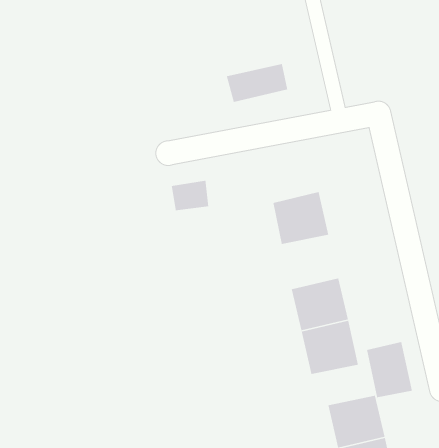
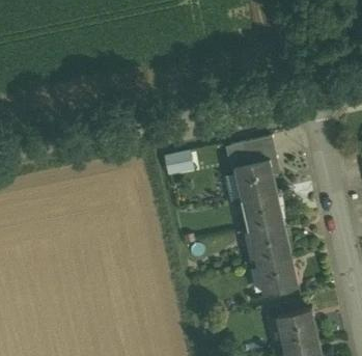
building: [226,63,288,103] -> [229,139,275,168]
building: none -> [241,192,283,231]
building: [366,341,413,398] -> none

